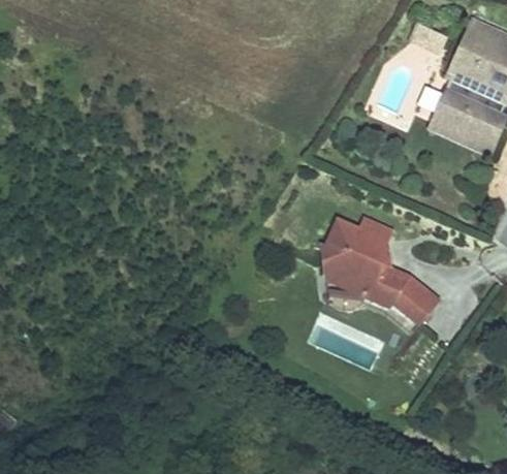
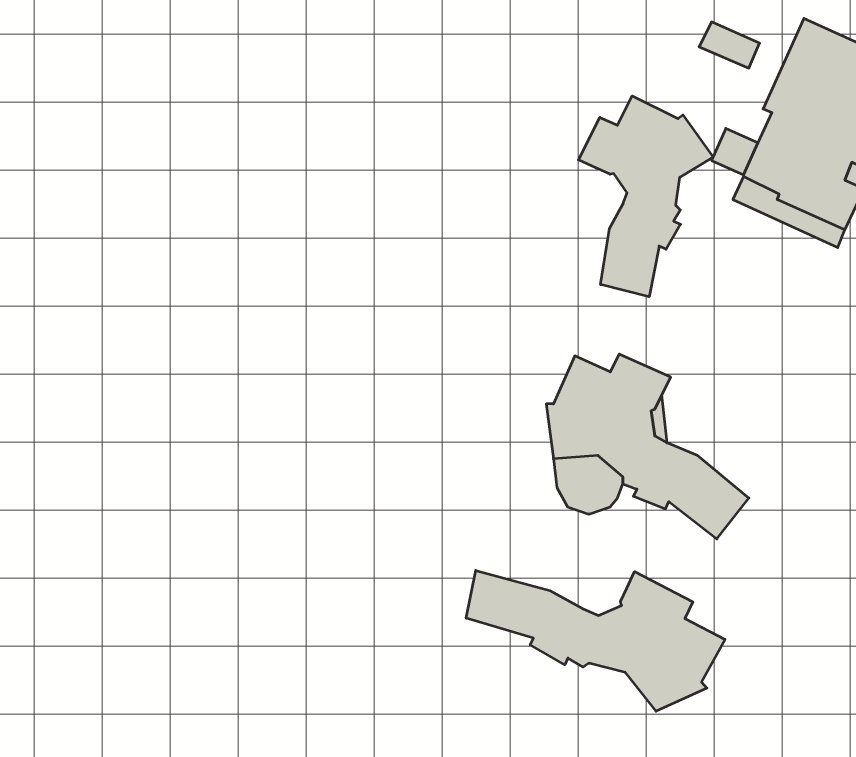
building: none -> [578,96,713,297]
building: none -> [466,570,725,711]

